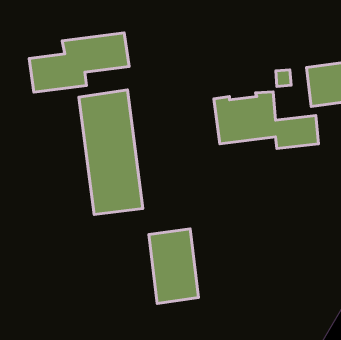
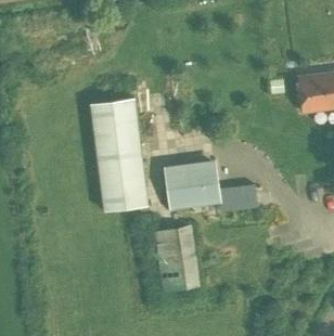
building: [29,33,129,92] -> none
building: [214,92,318,149] -> [162,160,257,212]

